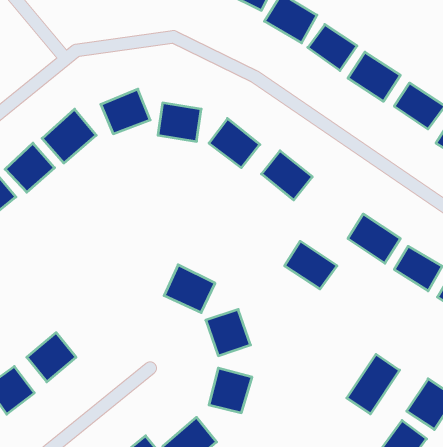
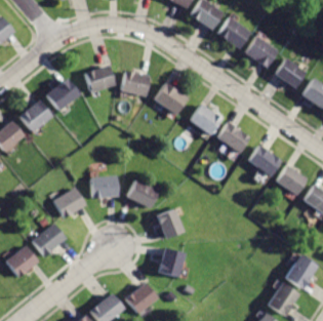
building: [285,241,337,289] -> [215,122,250,154]
building: none -> [89,177,116,199]
building: none -> [51,186,84,216]
building: [347,354,400,414] -> none

